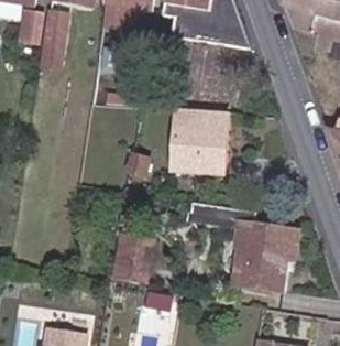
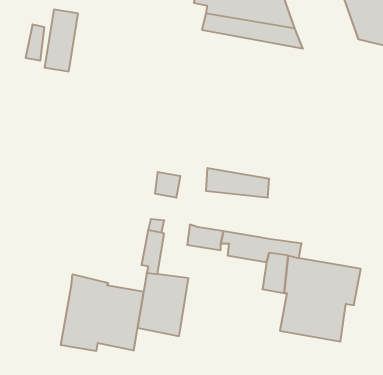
building: [173,108,227,156] -> none
building: none -> [61,274,144,351]

